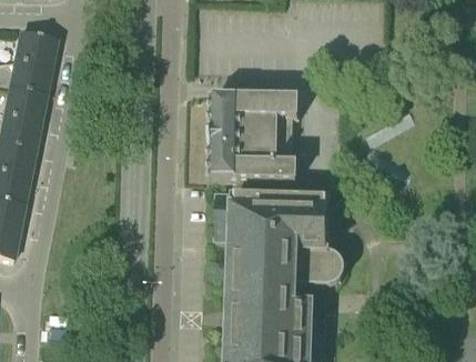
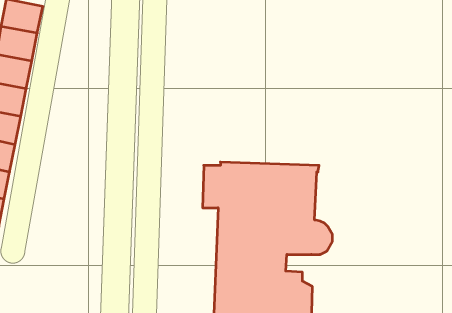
building: [210,100,300,184] -> none

